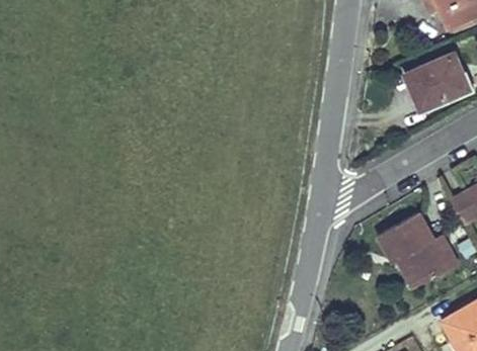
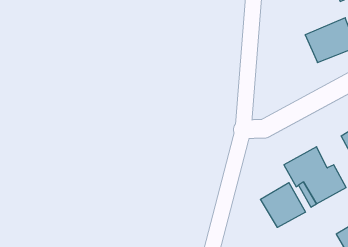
building: none -> [260,183,305,227]

